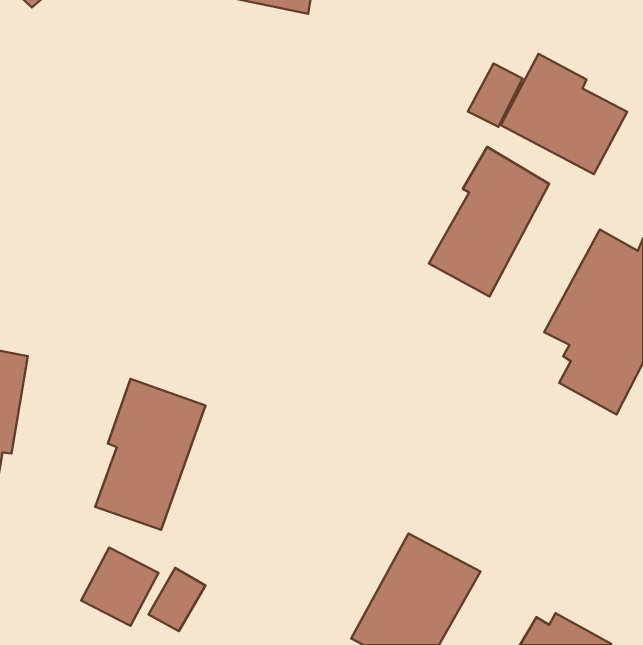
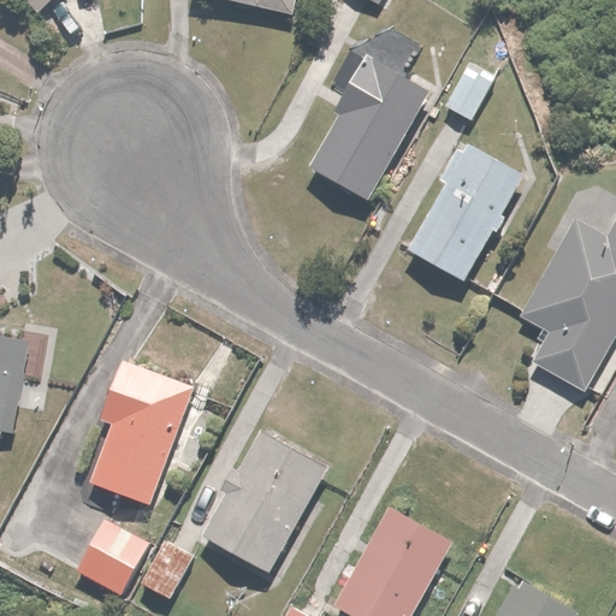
building: [501,54,627,174] -> none
building: none -> [308,55,431,201]
building: none -> [205,431,330,570]

